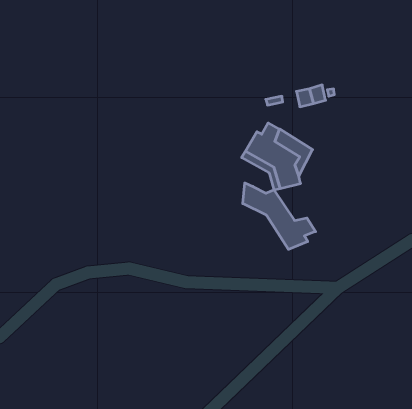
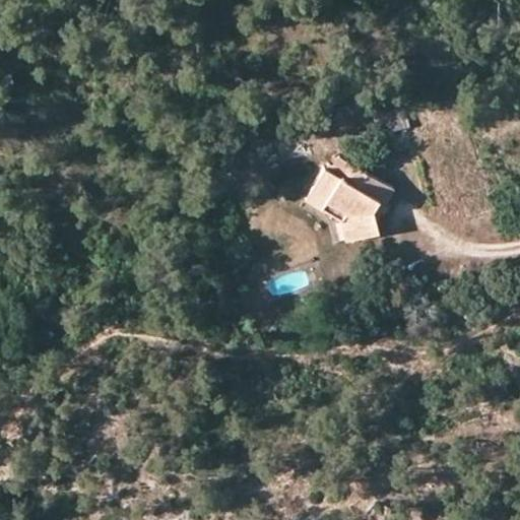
building: [243,183,316,249] -> none

